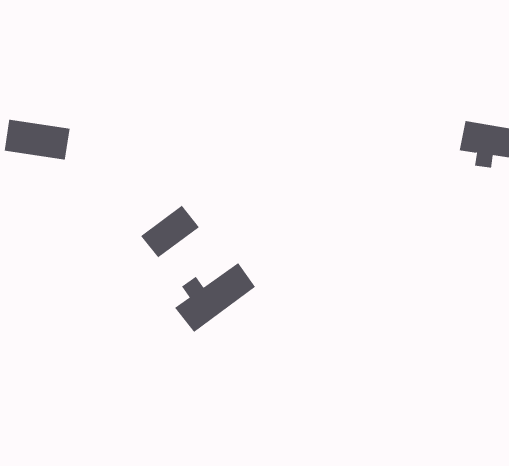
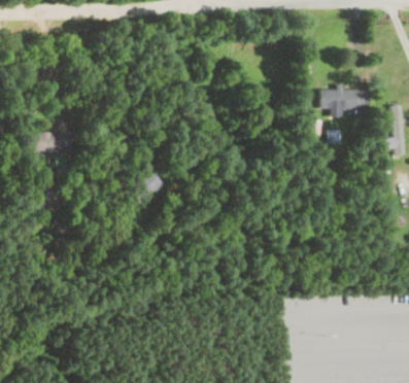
building: [174,262,256,333] -> none

